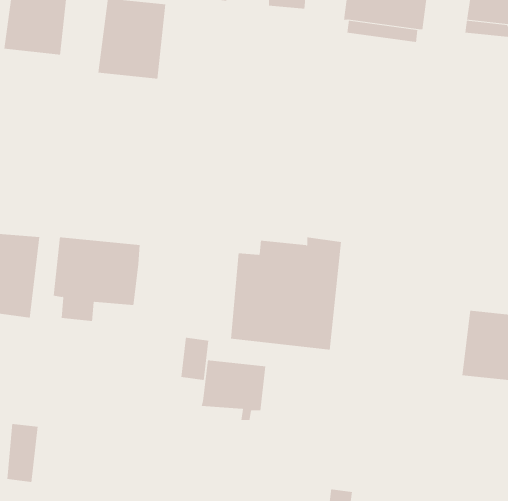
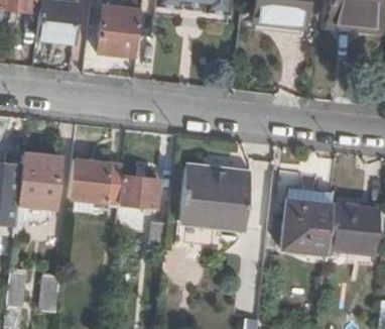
building: none -> [283,186,334,252]
building: [201,360,266,420] -> [120,173,161,211]

